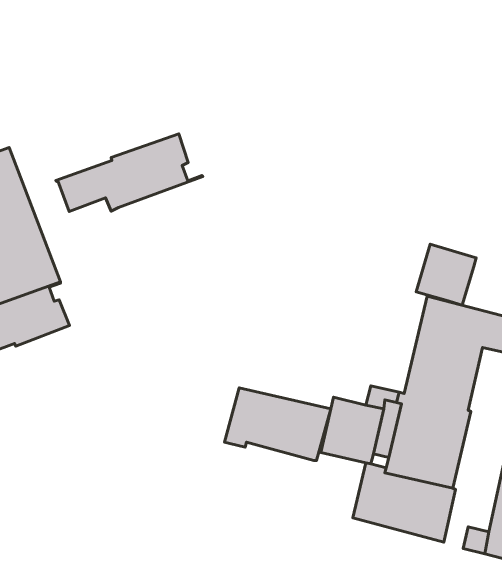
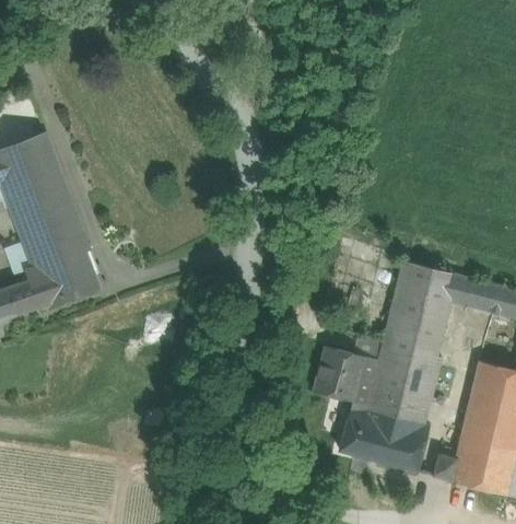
building: [56,134,203,212] -> none
building: [416,244,476,305] -> none
building: [225,388,331,460] -> none

